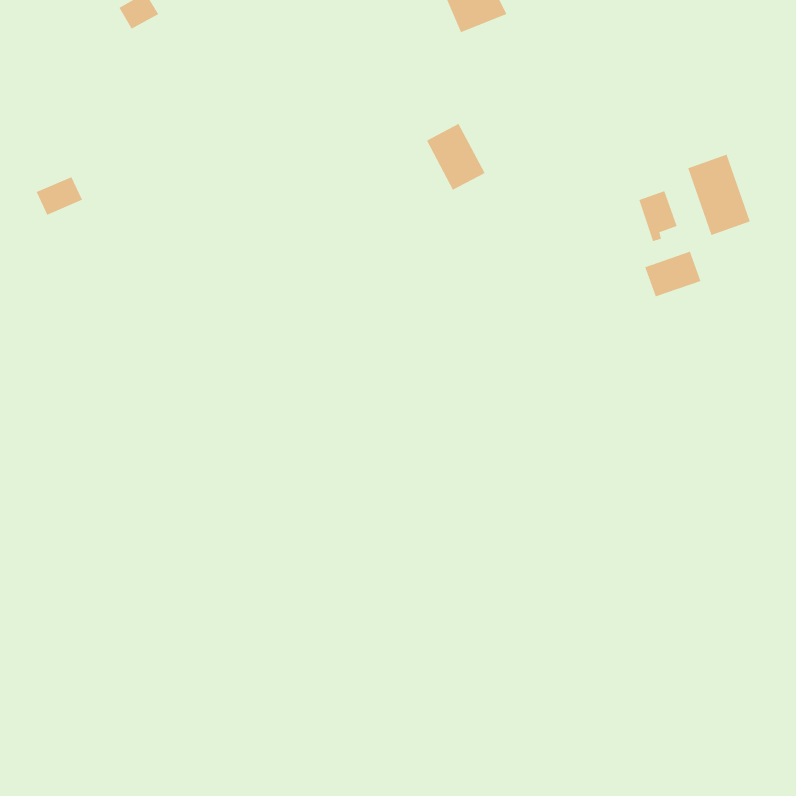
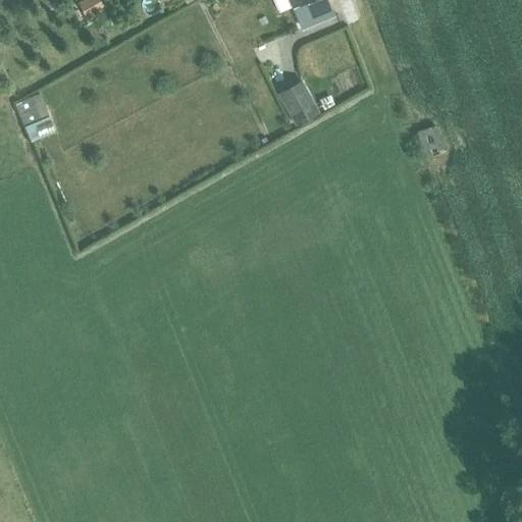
building: [687,154,751,236] -> none
building: [645,251,701,297] -> none

